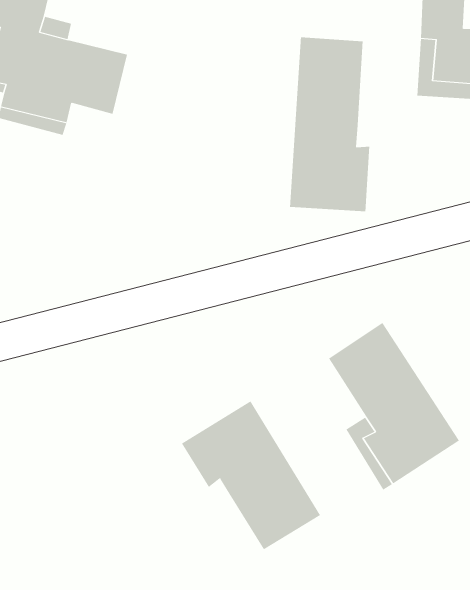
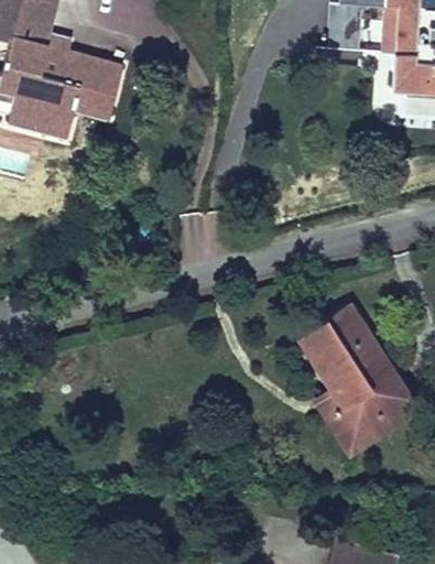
building: [290,36,370,212] -> none
building: [181,400,321,550] -> none

